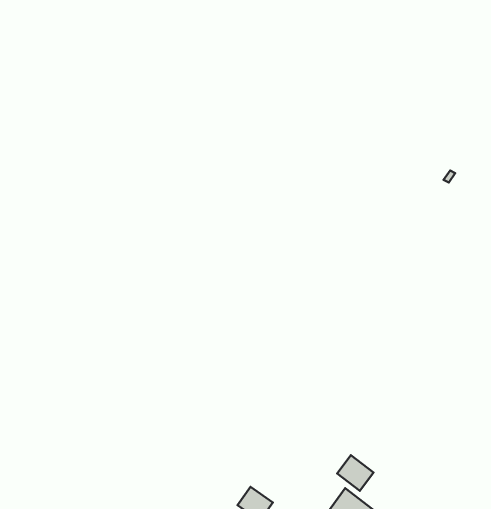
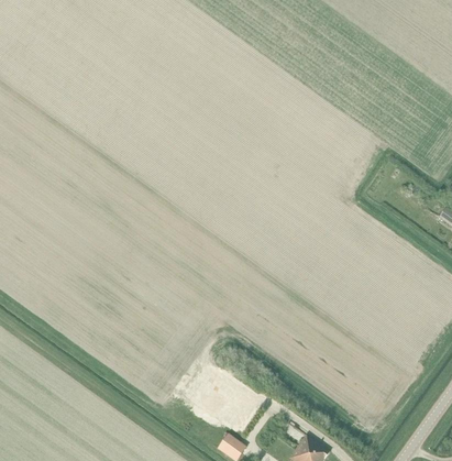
building: [337,455,374,491] -> none

